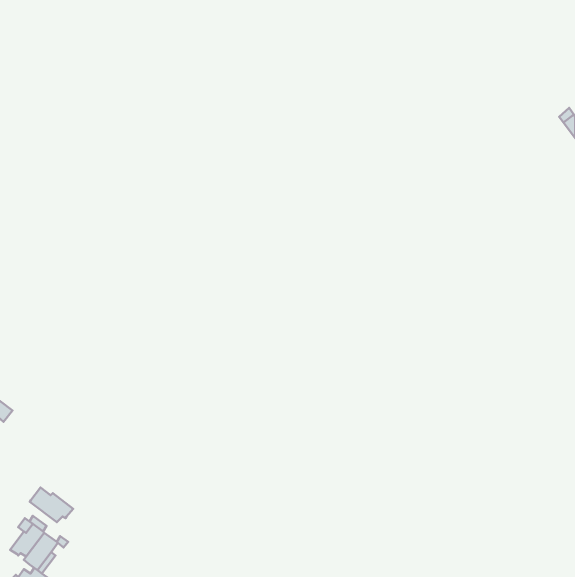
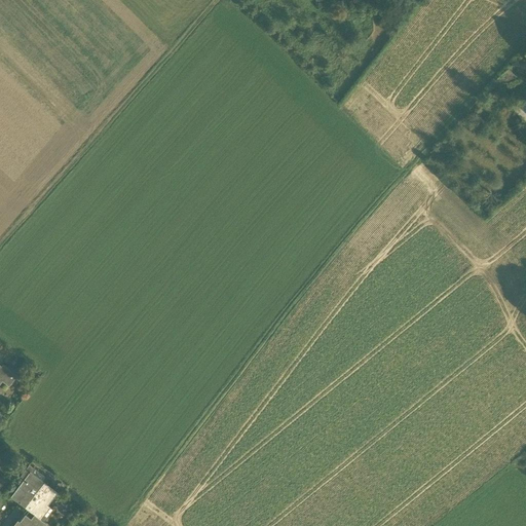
building: [30,487,73,522] -> none

